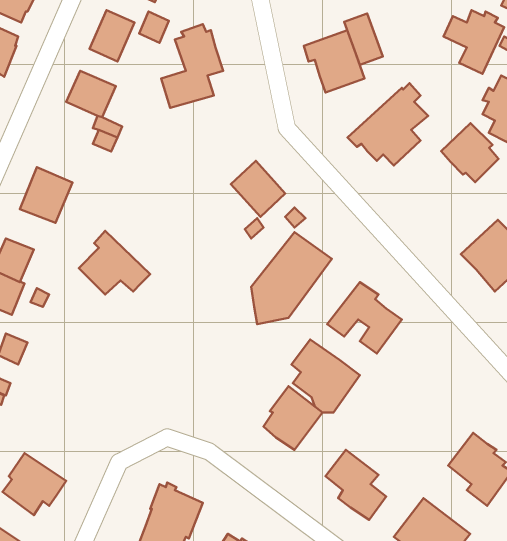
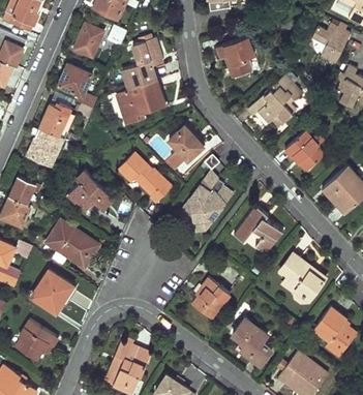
building: [344,13,383,65] -> none
building: none -> [116,81,165,124]
building: [441,123,499,182] -> [283,130,322,170]
building: none -> [39,103,69,136]
building: none -> [119,152,174,202]
building: none -> [47,216,103,268]
building: [291,340,360,413] -> [277,256,323,305]
building: none -> [34,269,74,310]

